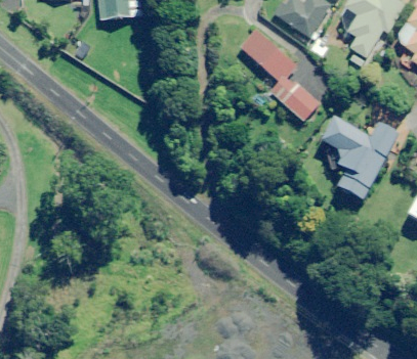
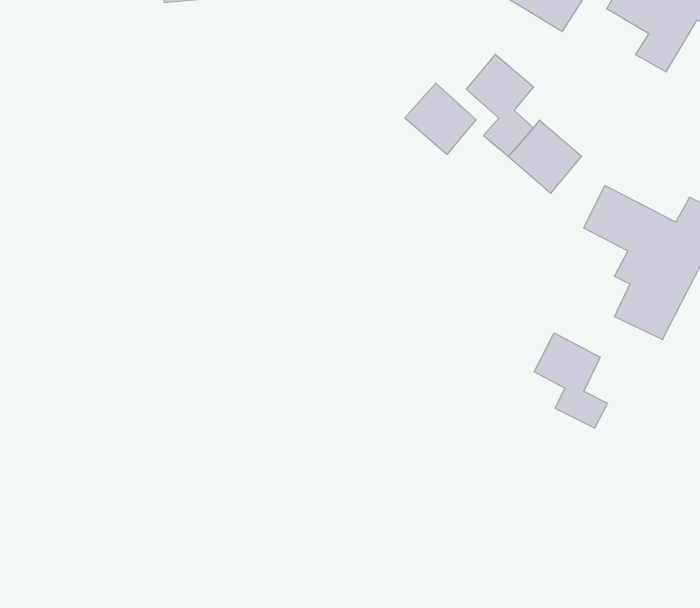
building: [237,28,275,65] -> [405,83,476,154]
building: none -> [534,333,608,428]

